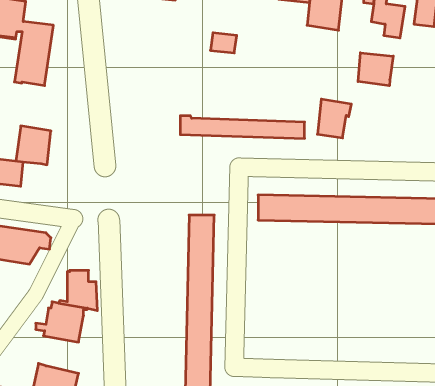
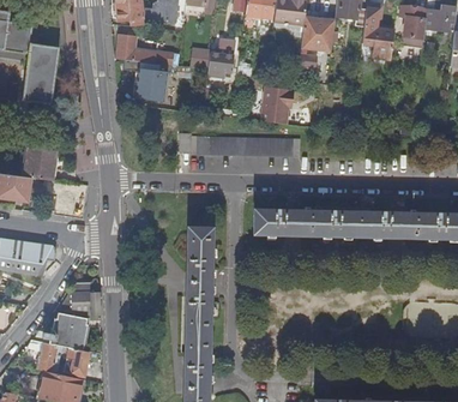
building: none -> [115,35,174,66]
building: none -> [134,68,167,102]
building: [358,53,393,86] -> none
building: [317,99,351,138] -> [261,86,294,124]
building: none -> [40,342,89,374]

